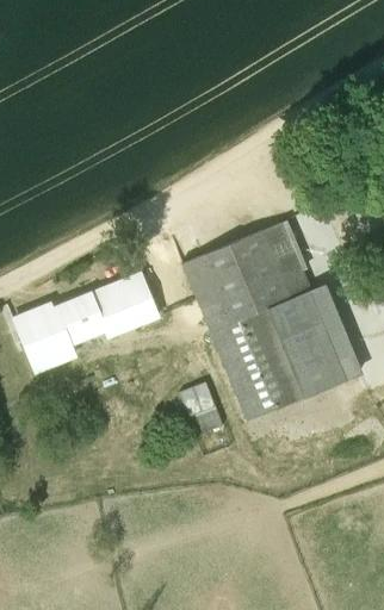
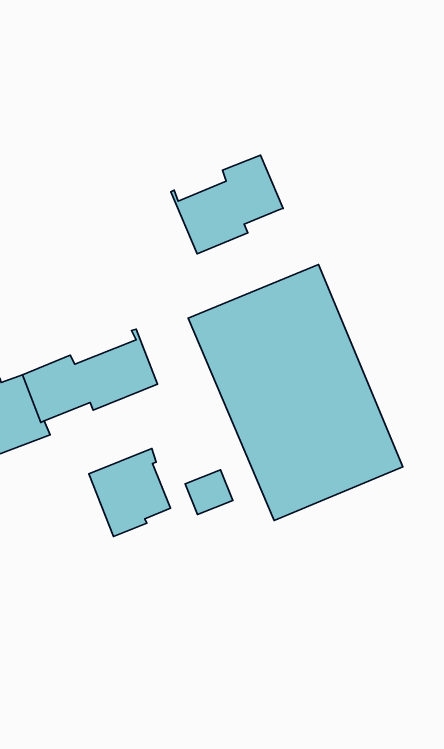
building: none -> [171,155,283,254]
building: none -> [89,449,170,536]

